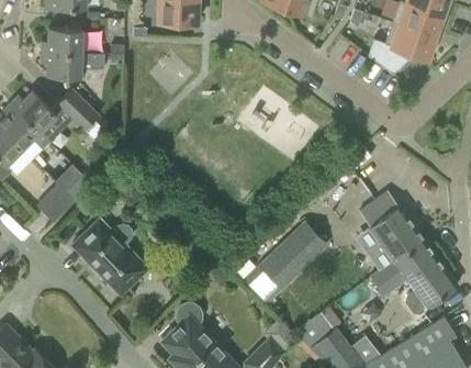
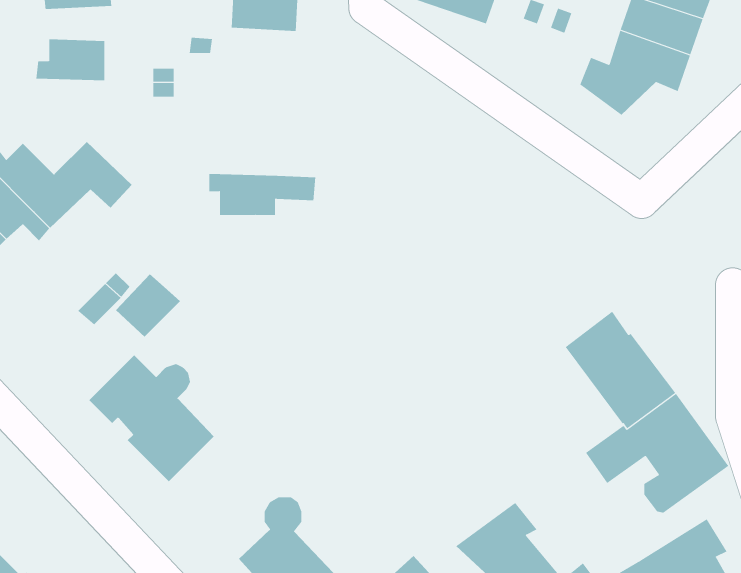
building: [41,53,105,78] -> [208,174,316,215]
building: [36,185,76,223] -> [115,274,181,338]
building: [261,223,327,289] -> none

